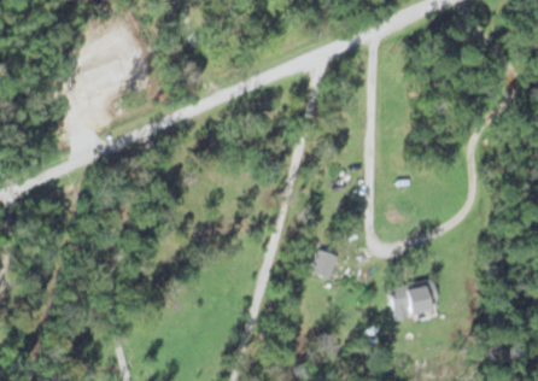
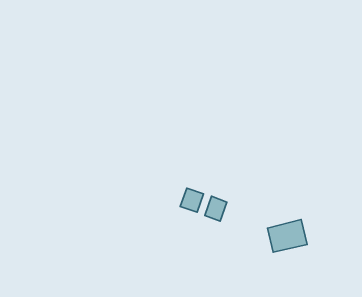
building: none -> [180,188,204,212]

